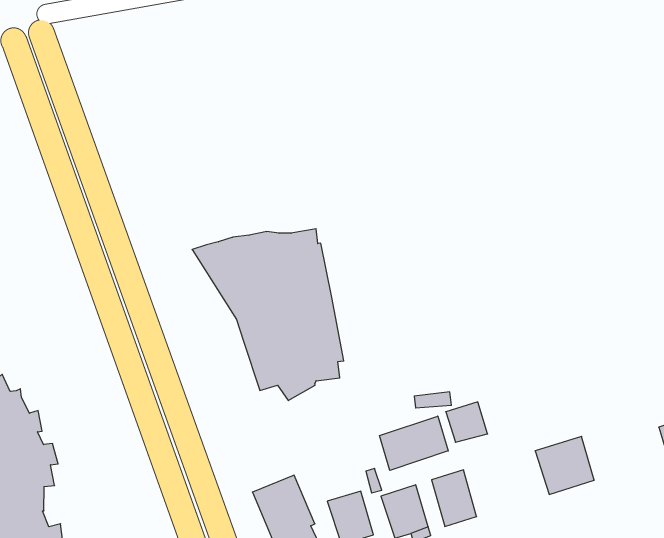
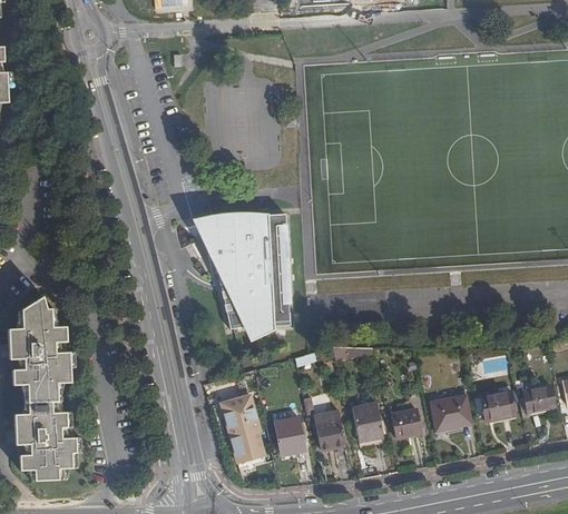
building: [446,402,488,442] -> [391,406,420,434]
building: [379,416,448,470] -> none
building: none -> [480,391,513,419]

